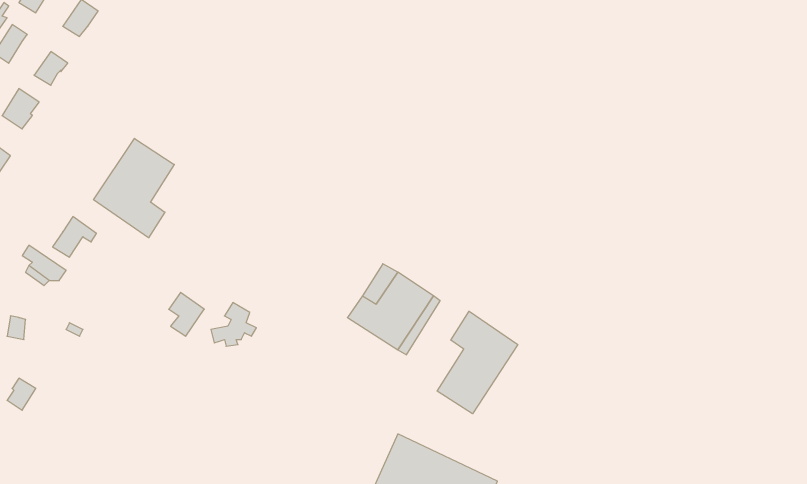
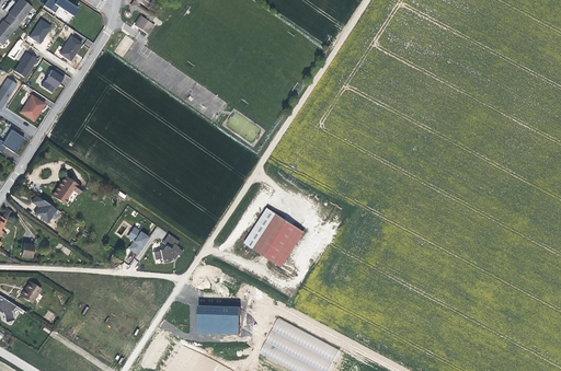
building: [94,138,174,238] -> none
building: [437,311,518,414] -> none
building: none -> [196,305,240,335]

